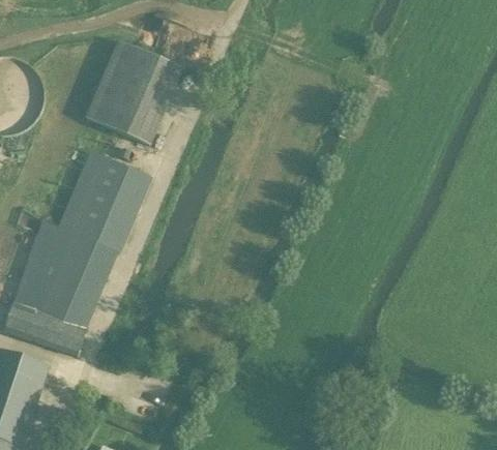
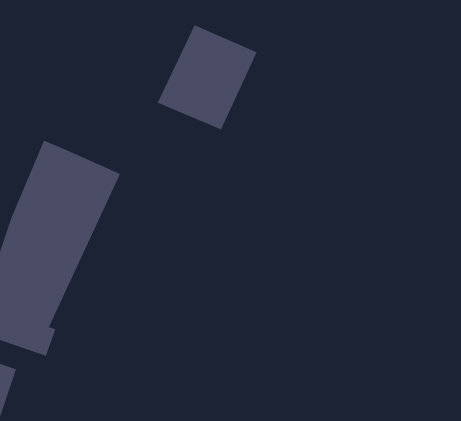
building: [88,41,186,145] -> [157,25,258,130]

